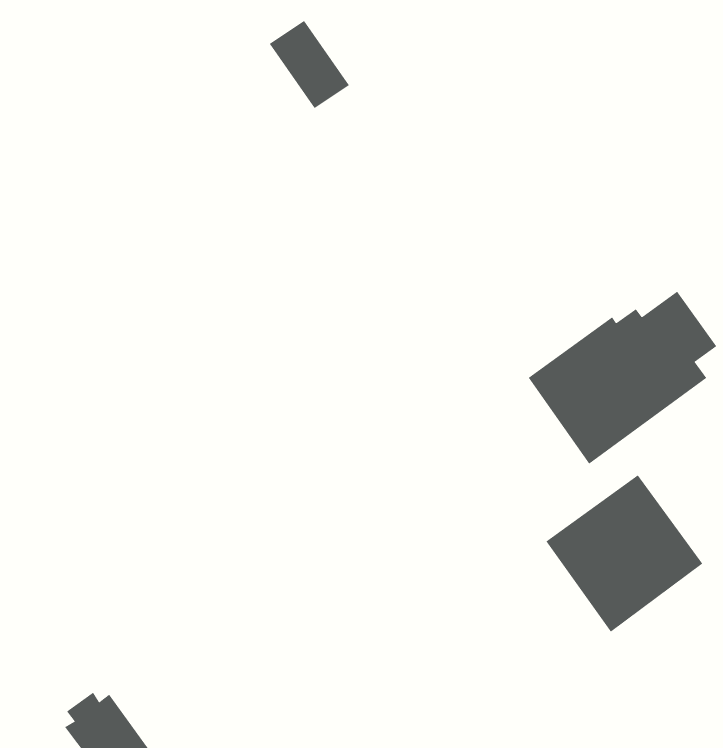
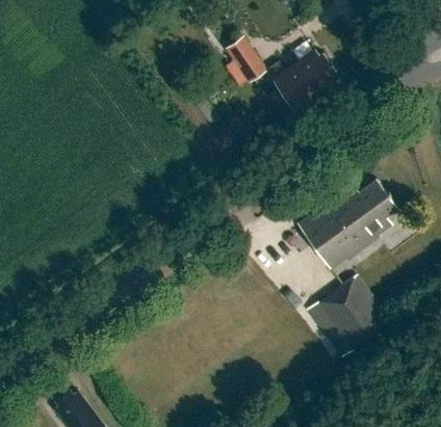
building: [269,20,350,109] -> [225,36,267,83]
building: none -> [271,50,336,112]

